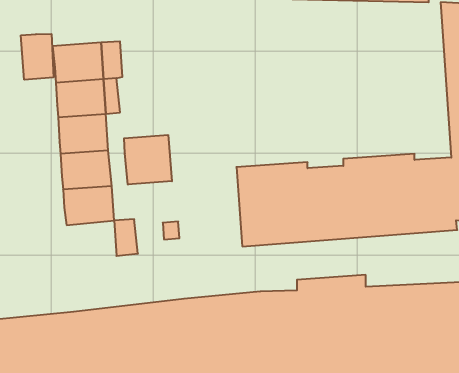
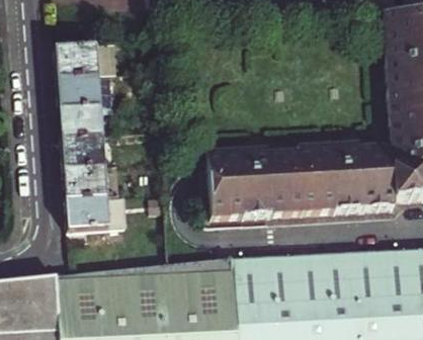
building: [21,34,53,80] -> none
building: [124,135,172,185] -> none
building: none -> [65,198,107,233]

